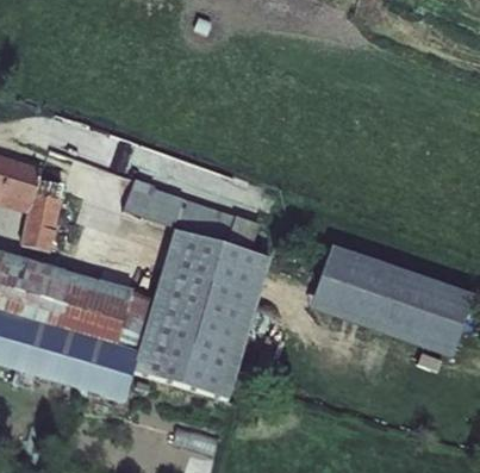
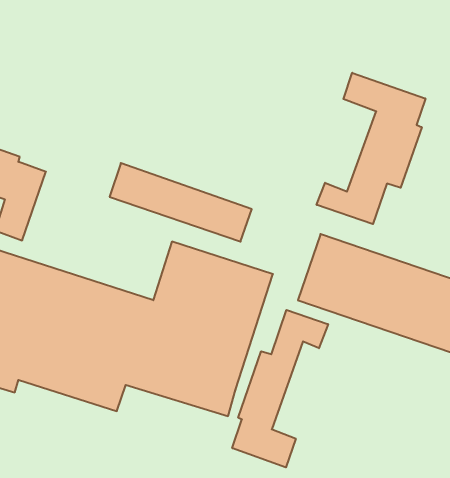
building: none -> [317,73,425,224]
building: none -> [232,310,328,467]

